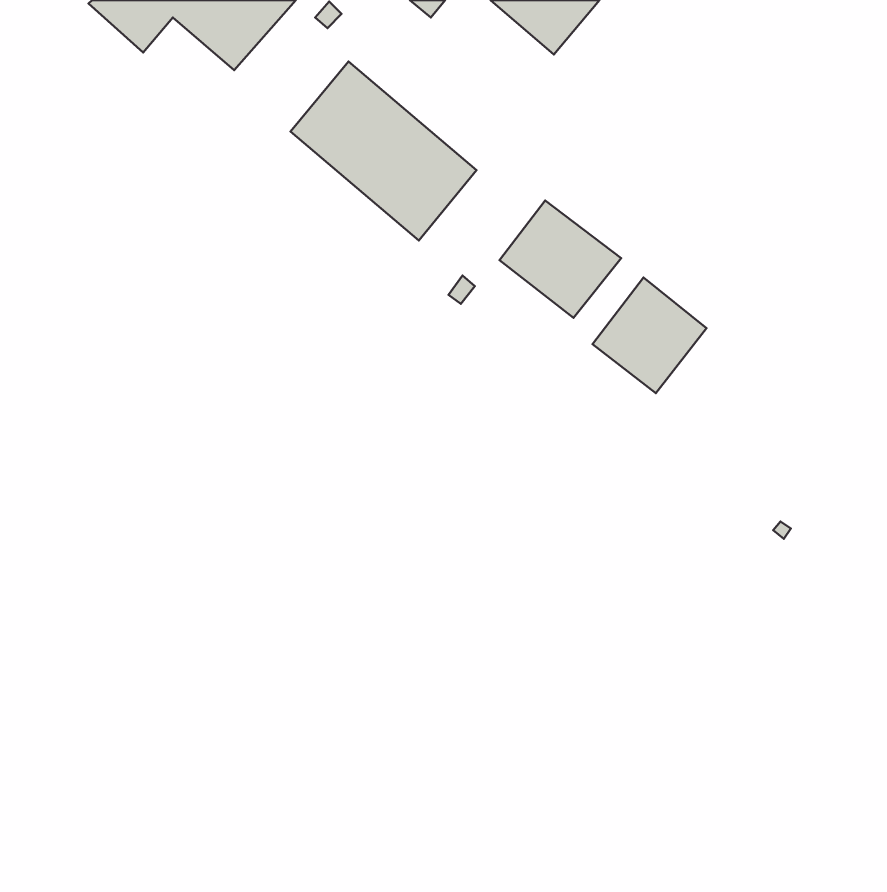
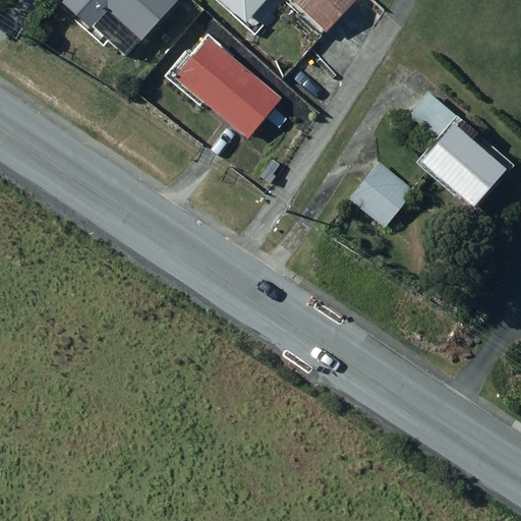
building: none -> [408,92,503,207]
building: [499,201,621,318] -> none

